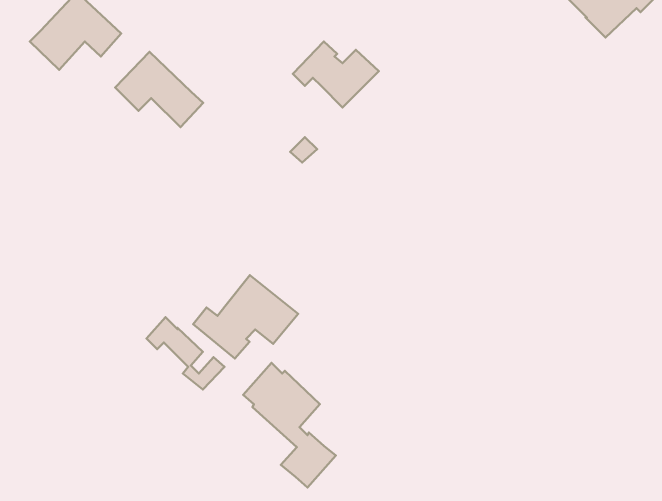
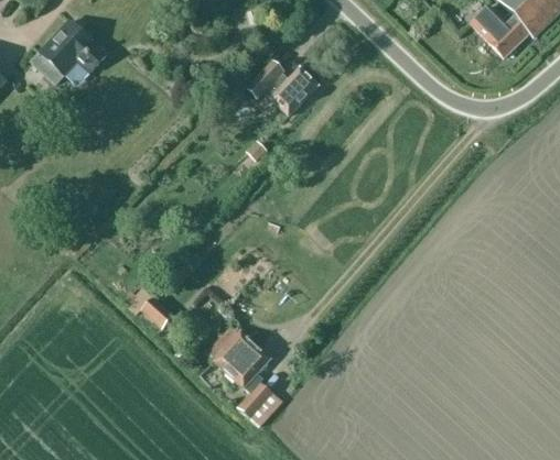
building: [115,52,203,127] -> none
building: [193,275,298,359] -> none

